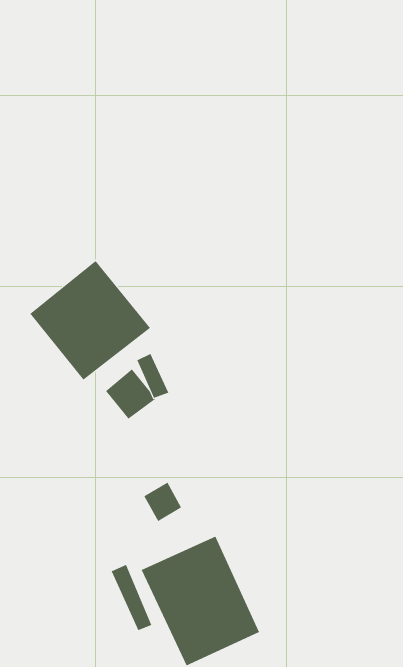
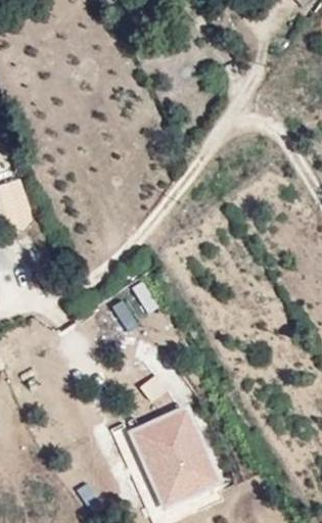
building: [29,260,151,381] -> none

